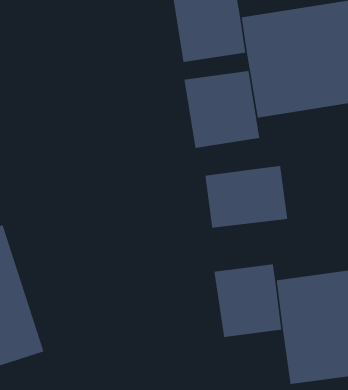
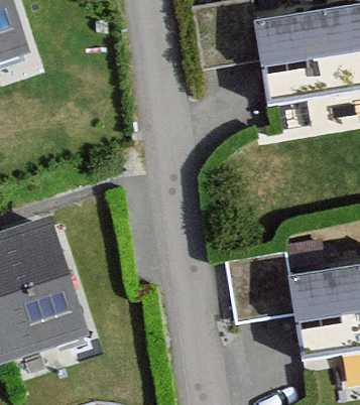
building: [184,70,260,149] -> none
building: [204,165,288,228] -> none

